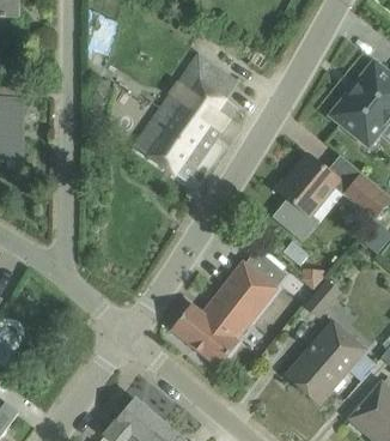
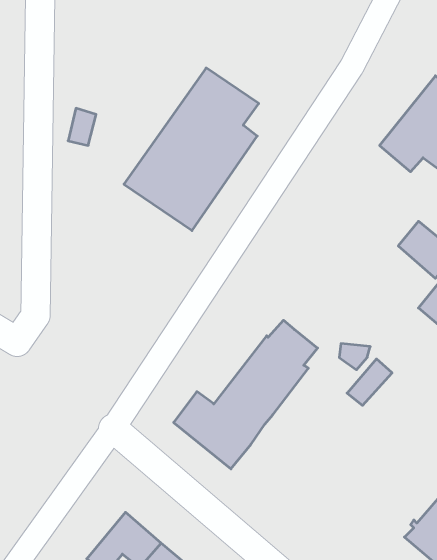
building: [274,153,339,240] -> none
building: [290,321,365,404] -> none

